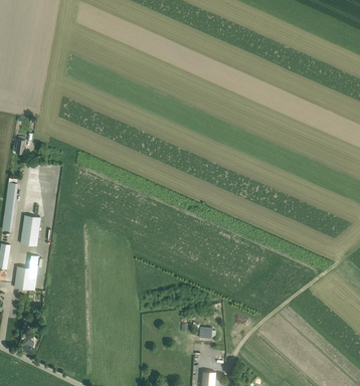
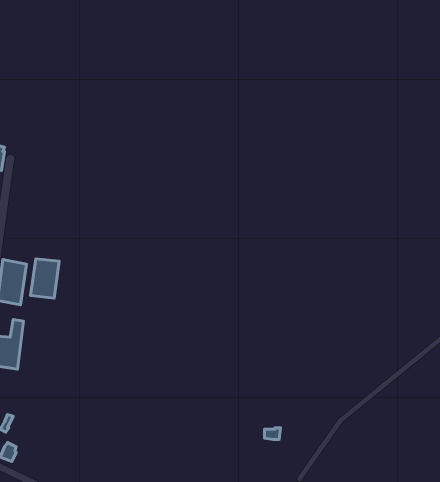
building: none -> [30,259,59,298]

